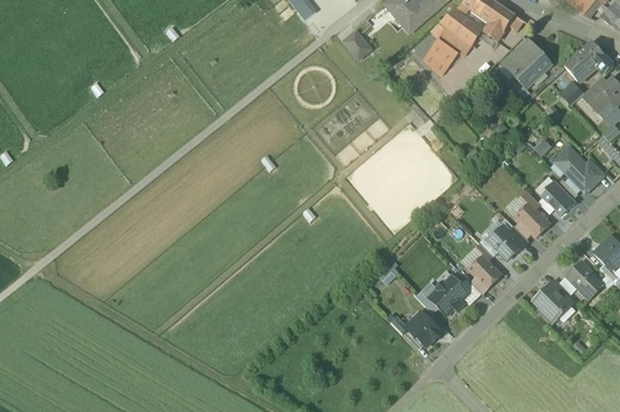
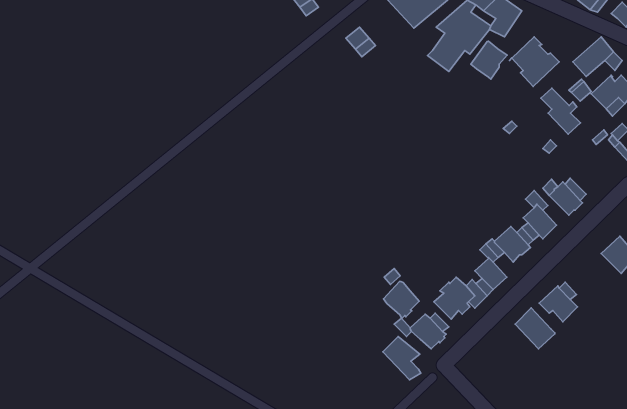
building: none -> [471,41,507,79]
building: [558,147,597,191] -> [541,88,580,134]
building: [564,259,603,299] -> [515,308,555,349]
building: none -> [384,281,419,318]
building: none -> [383,337,421,380]

